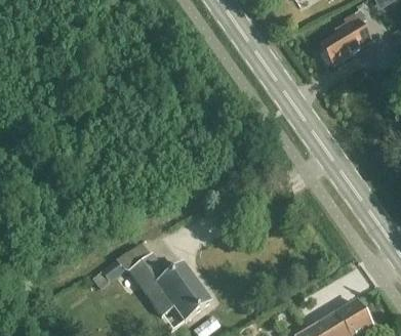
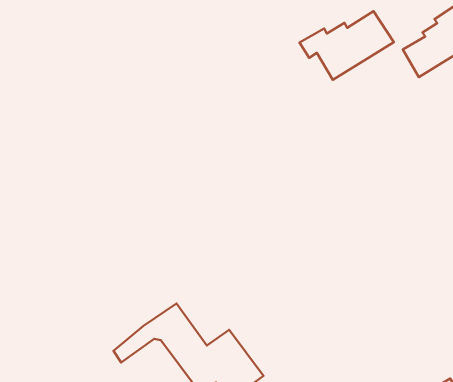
building: none -> [300,11,394,80]

